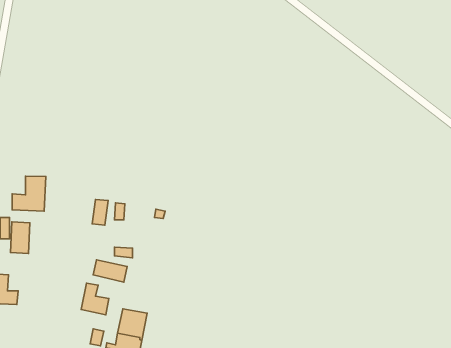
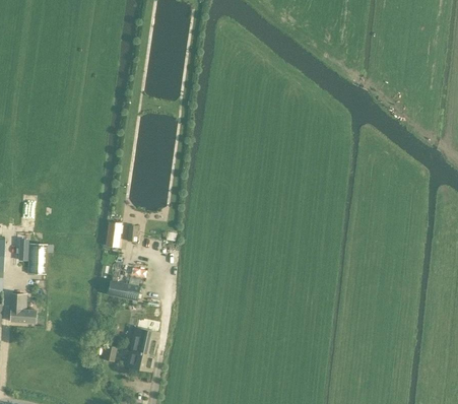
building: [12,176,46,211] -> none
building: [81,283,109,315] -> none

